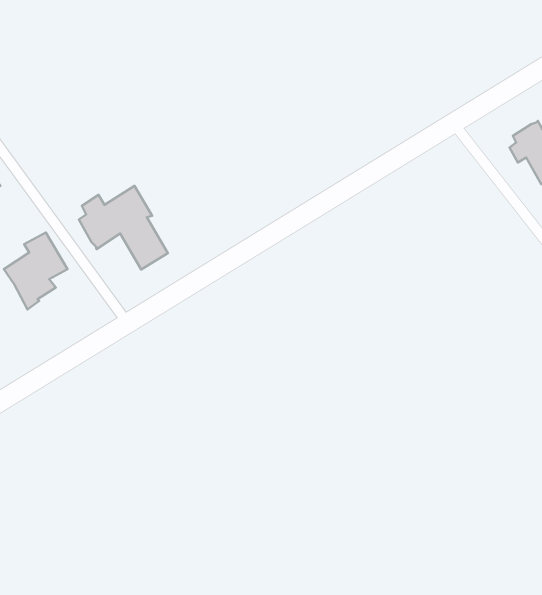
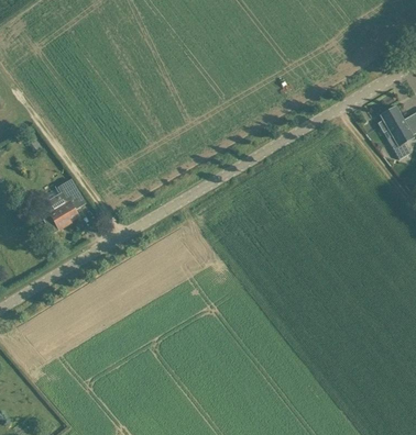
building: [79,186,168,270] -> none

